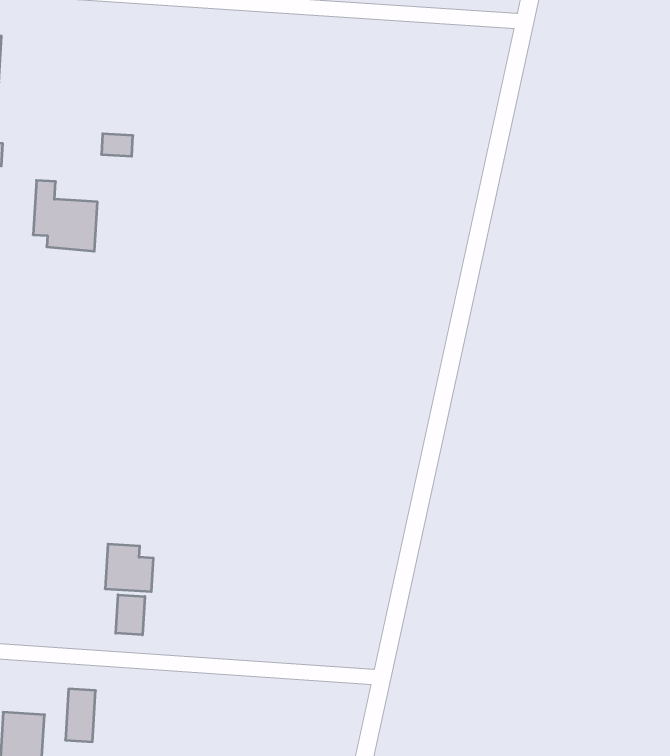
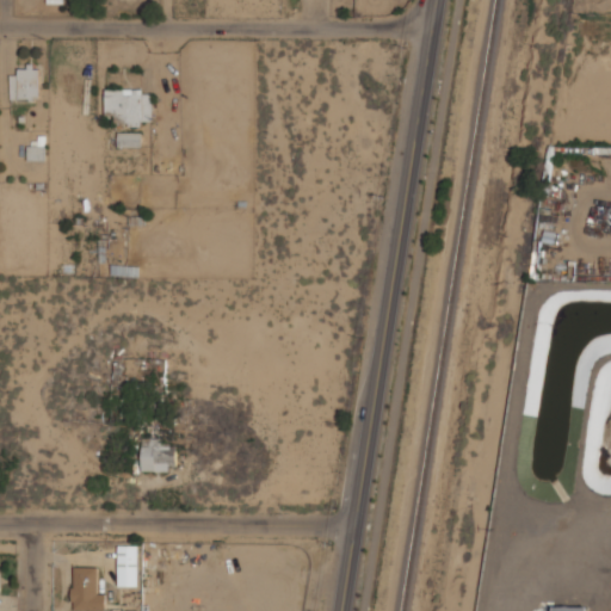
building: [33,180,97,251] -> [104,76,150,126]
building: [116,595,145,635] -> none

